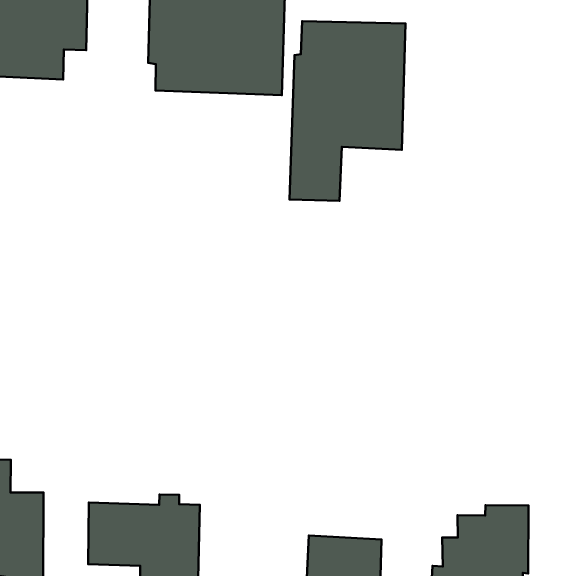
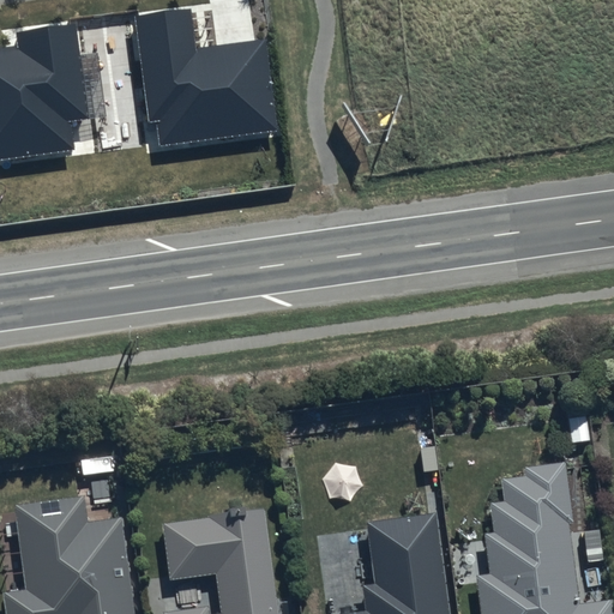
building: [289,21,406,201] -> none

